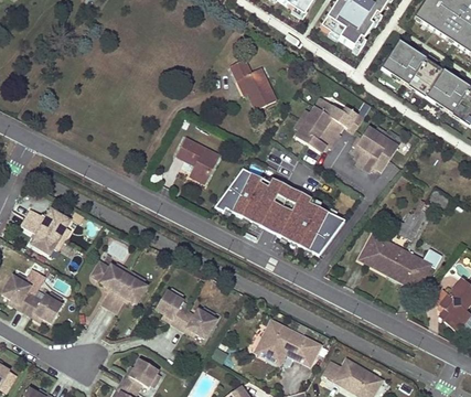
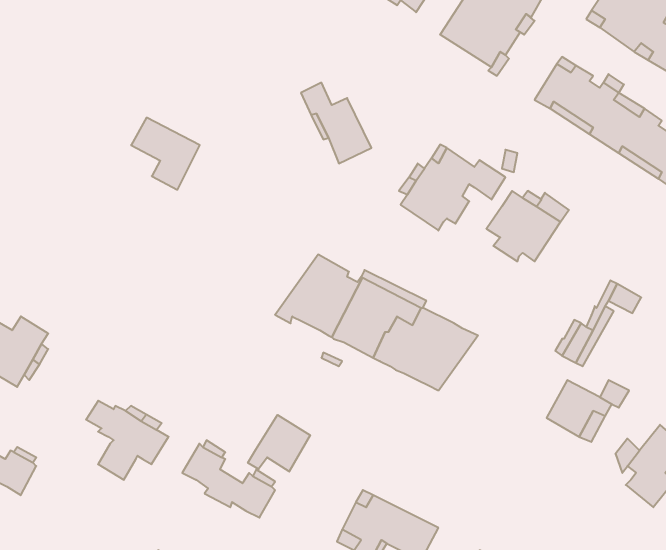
building: [176,137,221,183] -> [131,118,200,190]
building: [361,233,403,272] -> none
building: none -> [248,415,310,472]

